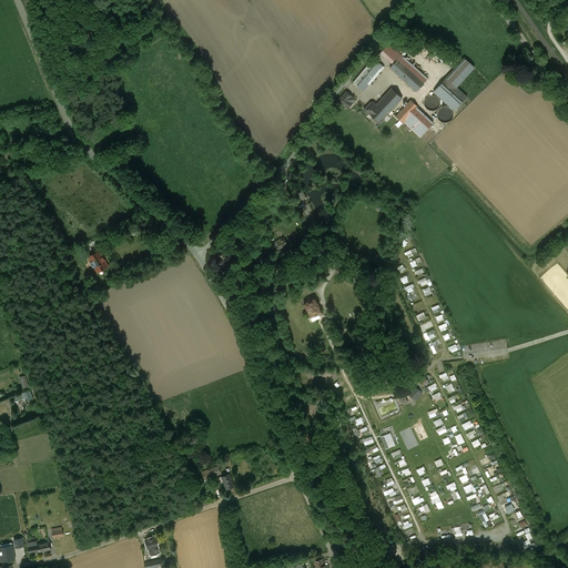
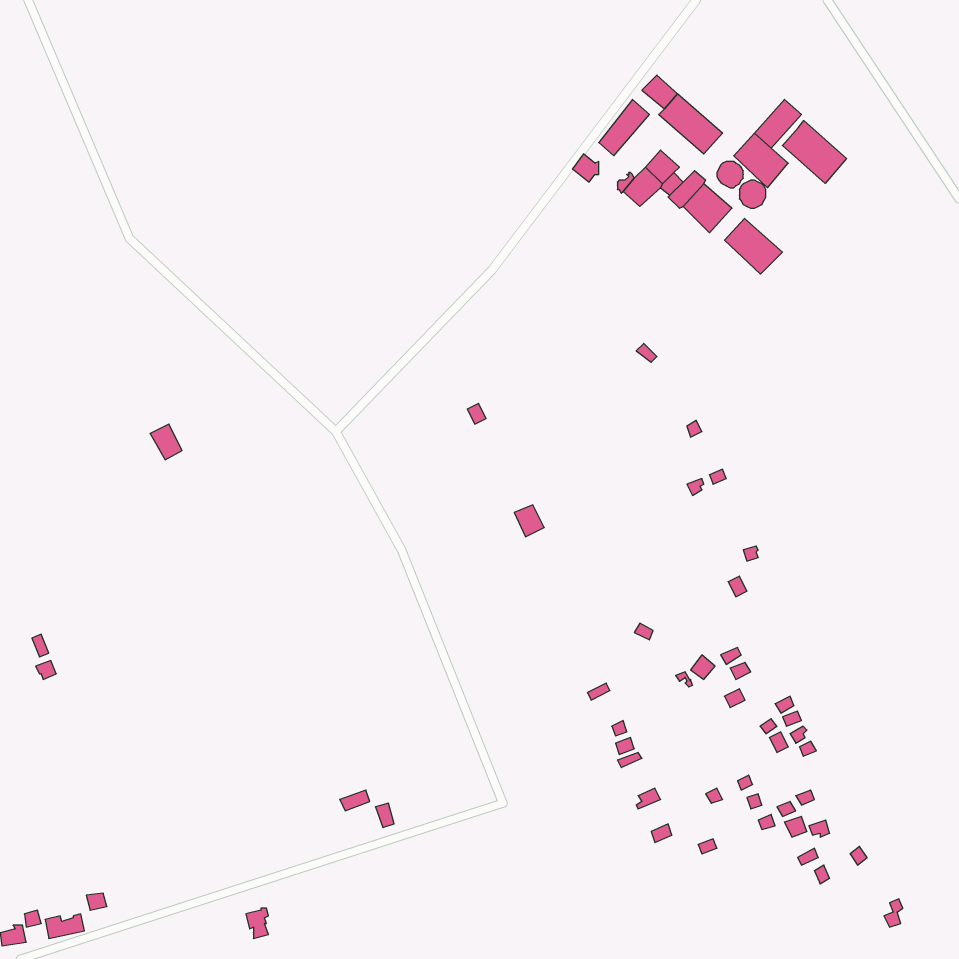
building: none -> [782,121,847,183]
building: none -> [725,218,782,274]

